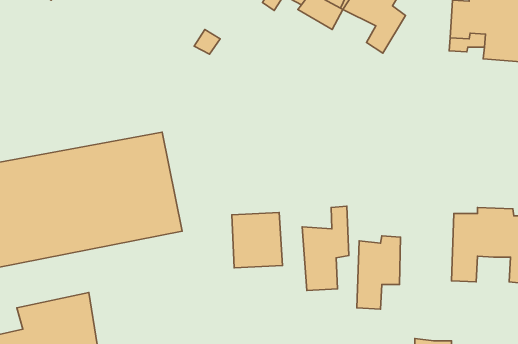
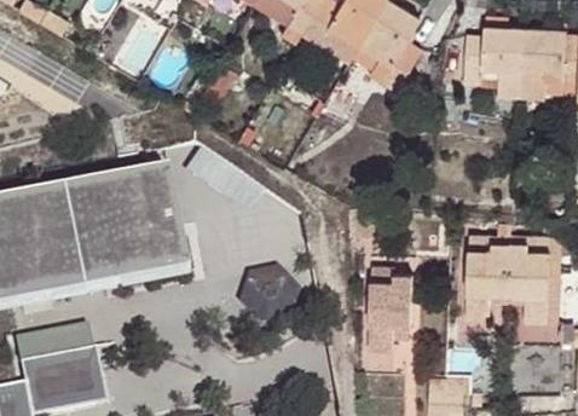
building: [302,206,349,290] -> none

